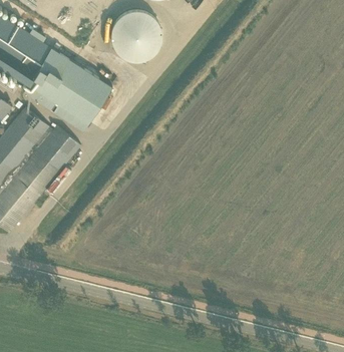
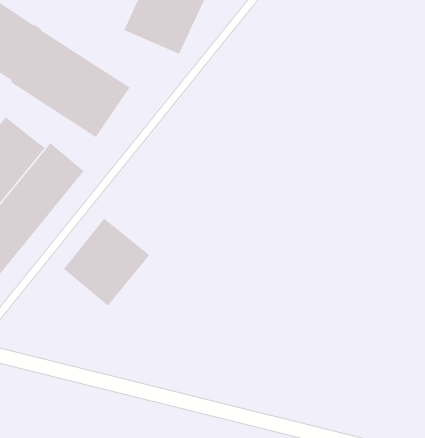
building: none -> [63,218,150,307]

